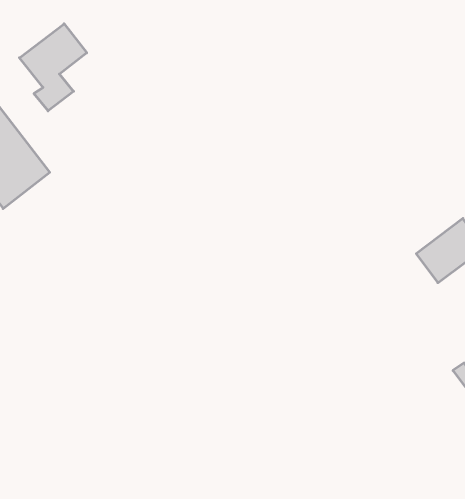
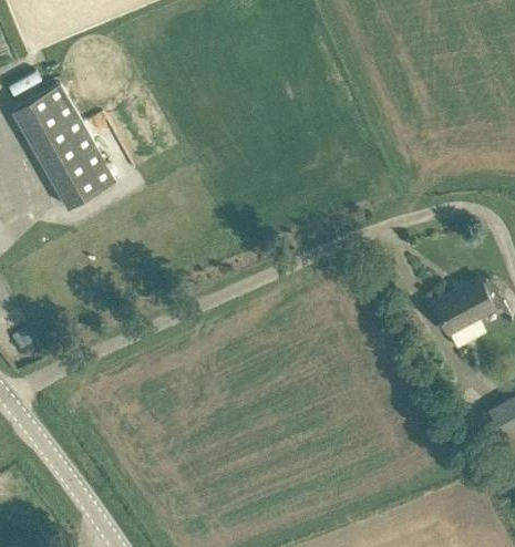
building: [19,24,87,111] -> none

